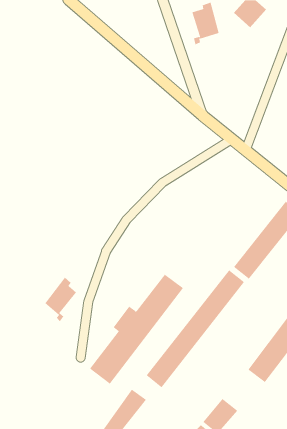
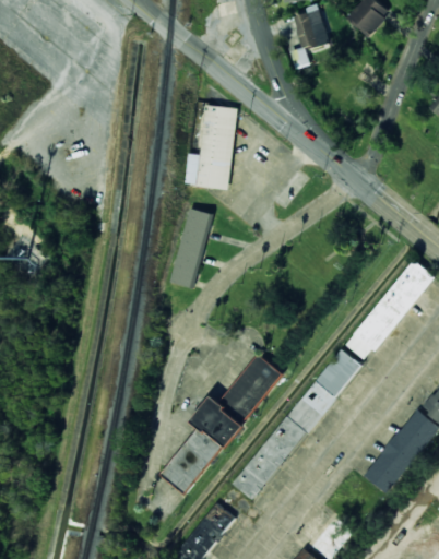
building: none -> [183,105,236,189]
building: none -> [170,209,211,288]
building: [44,277,77,322] -> none

